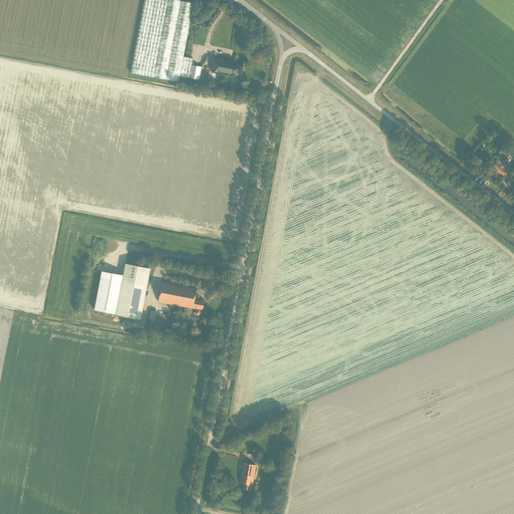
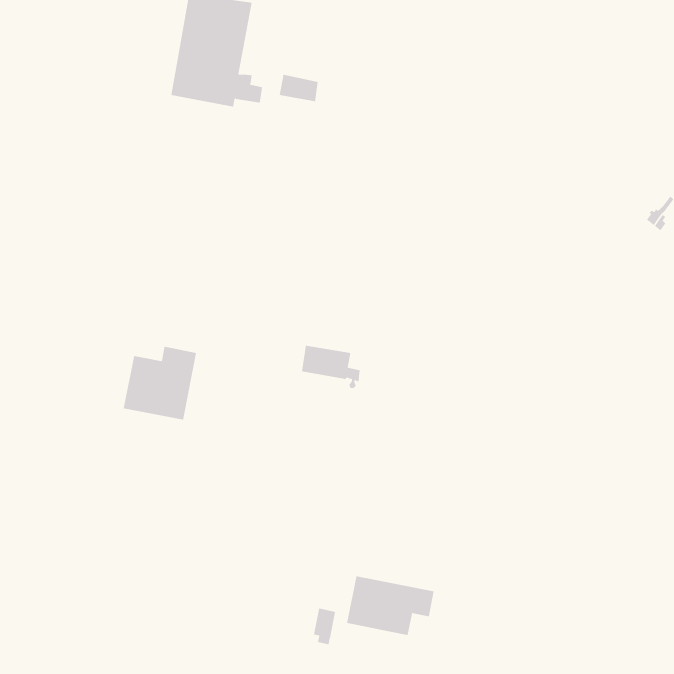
building: [158,281,203,314] -> [301,345,361,389]
building: none -> [347,575,434,636]

